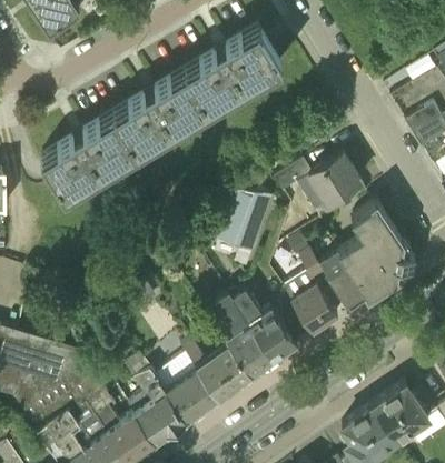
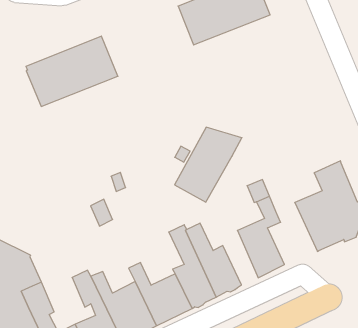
building: [115,73,209,154] -> none
building: [276,154,367,221] -> none
building: [320,252,369,309] -> none

